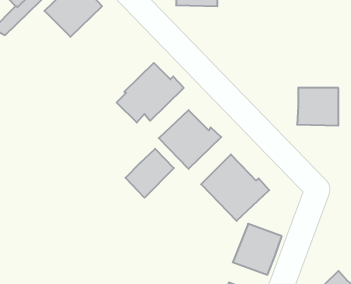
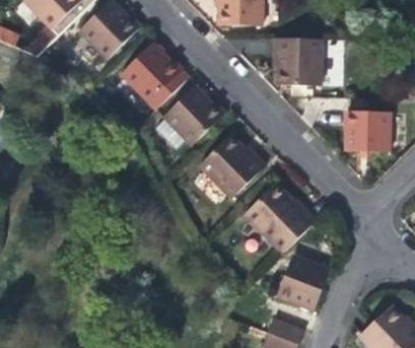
building: none -> [274,40,321,86]
building: none -> [120,44,187,110]
building: [125,149,174,198] -> none

